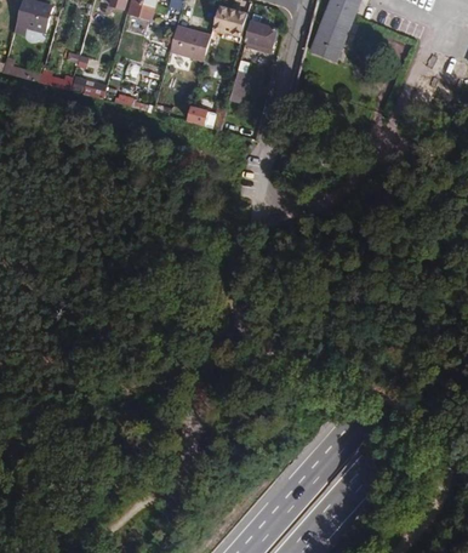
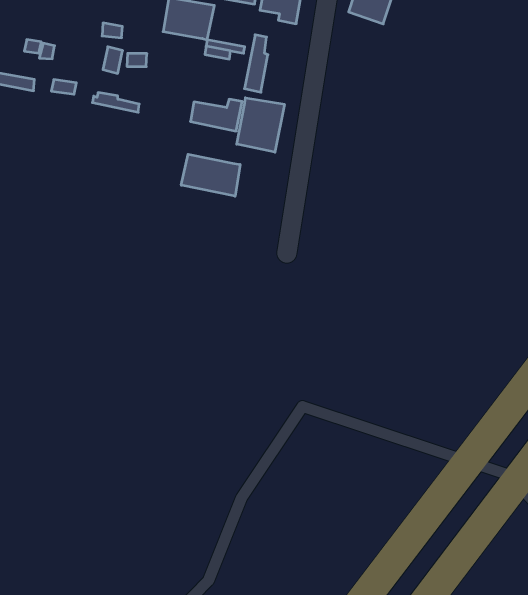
building: none -> [237,98,284,152]
building: none -> [181,154,240,196]

